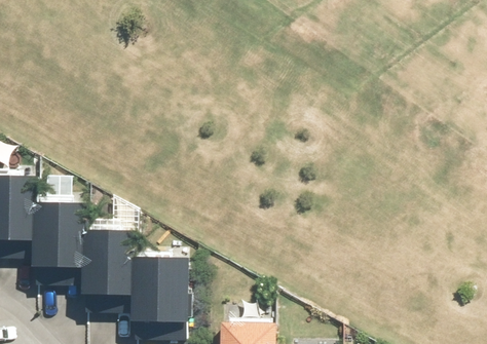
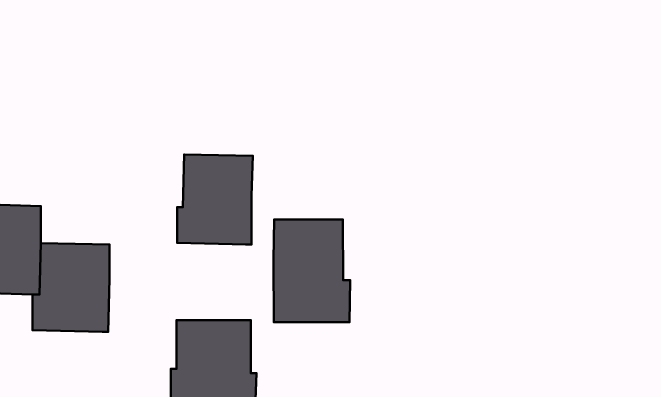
building: none -> [274,220,350,322]
building: [80,228,135,293] -> [177,154,253,244]

